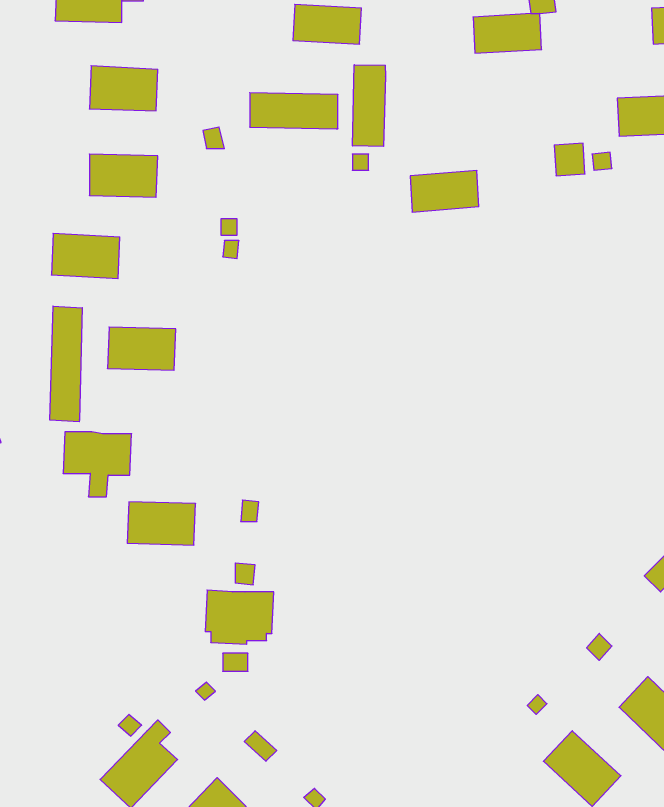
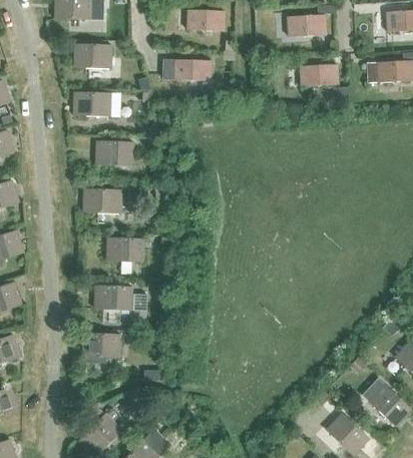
building: [353,65,385,146] -> none
building: [410,171,479,212] -> [300,63,338,86]
building: [51,233,120,279] -> [95,140,133,165]
building: [50,306,82,422] -> none
building: [63,432,132,497] -> [106,238,144,274]
building: [205,590,274,644] -> [82,333,120,363]

